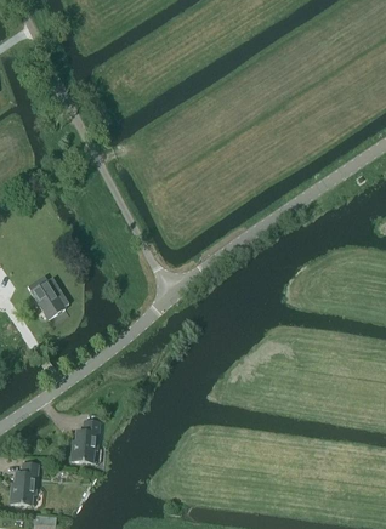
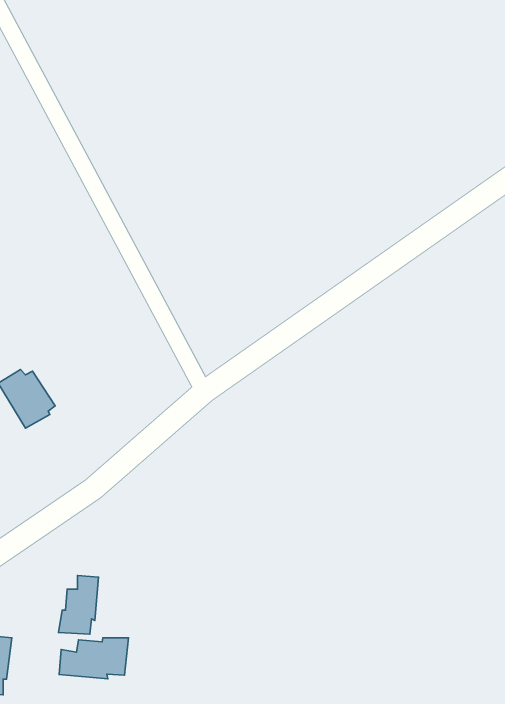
building: none -> [59,638,129,679]

